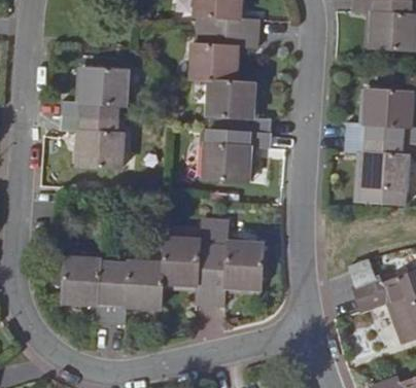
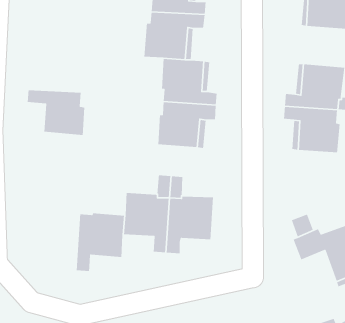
building: [58,70,126,122] -> none
building: [63,253,115,321] -> none

